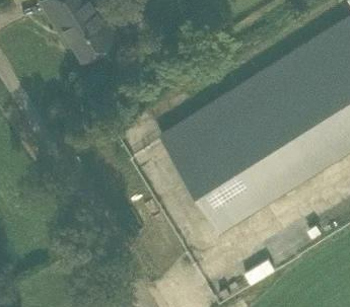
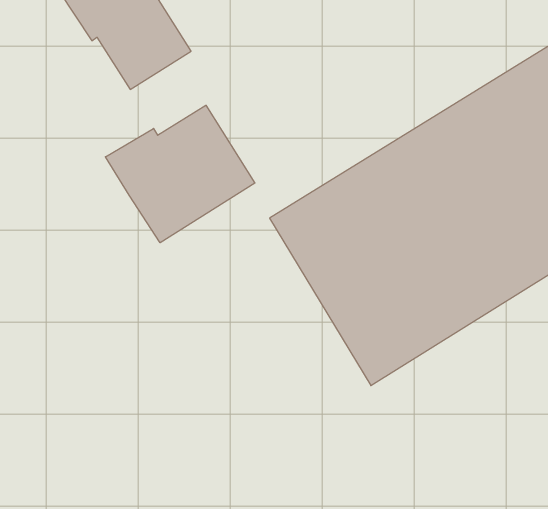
building: none -> [105,105,255,243]

